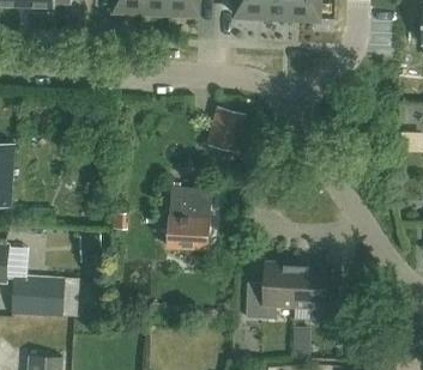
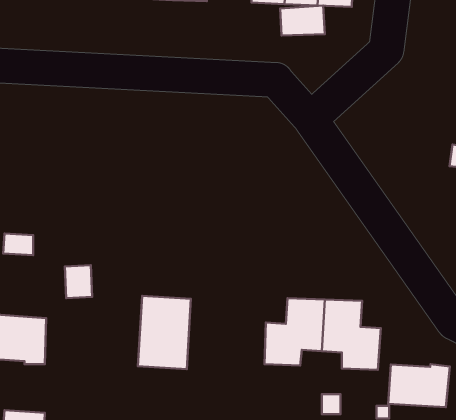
building: [205,109,242,154] -> none
building: [168,188,212,249] -> [138,296,191,369]
building: none -> [388,364,450,407]

